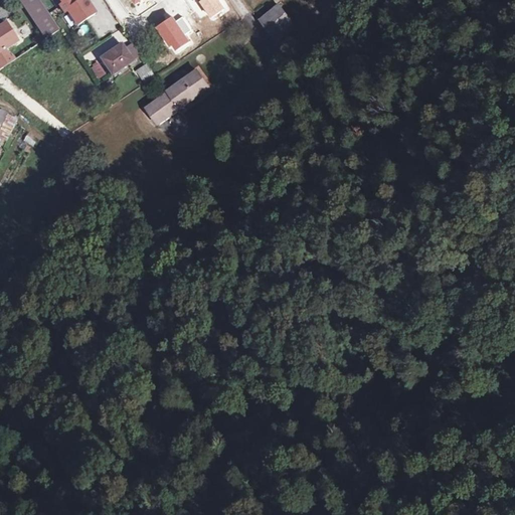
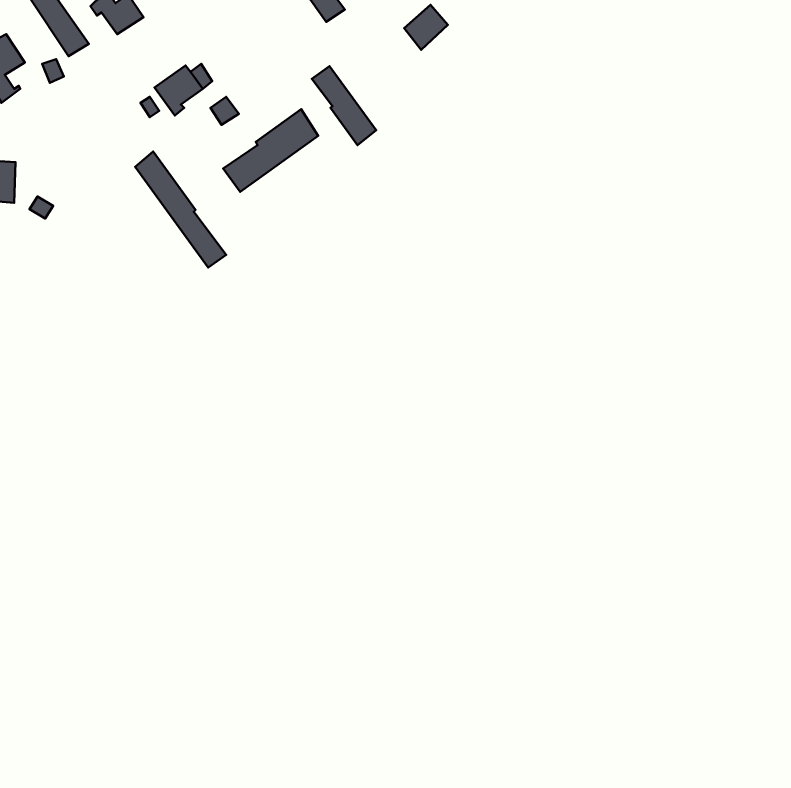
building: [157,14,190,47] -> none
building: none -> [312,66,376,145]
building: none -> [135,151,226,267]

